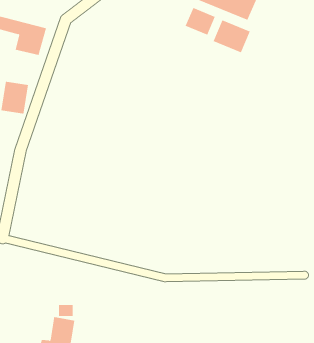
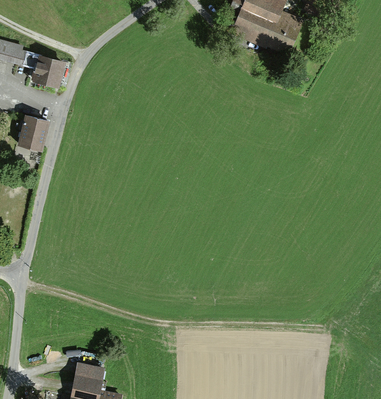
building: [185,7,216,36] -> none
building: [213,19,250,53] -> none

